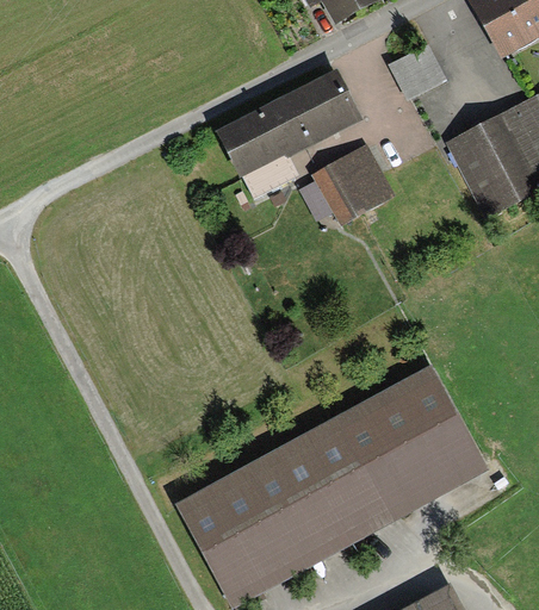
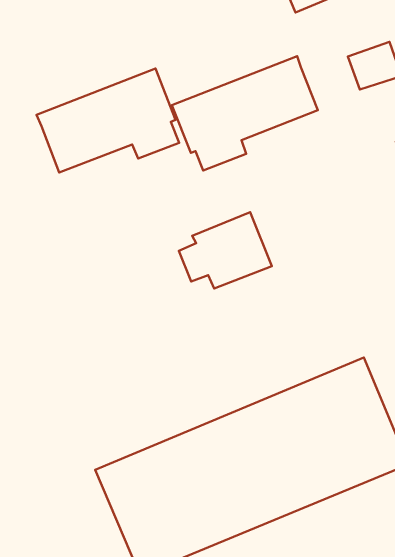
building: none -> [36,69,179,172]
building: [298,141,394,222] -> [179,212,272,289]

